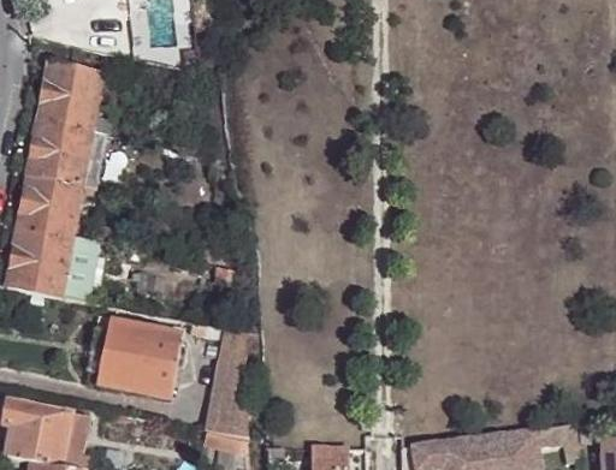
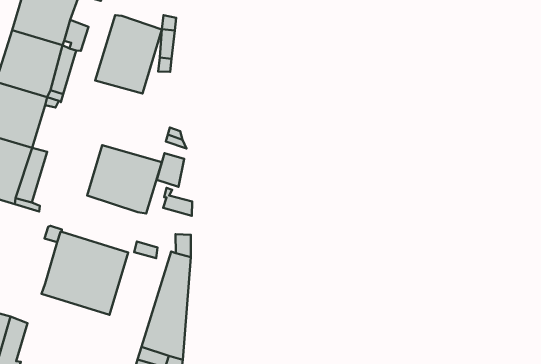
building: none -> [95,15,162,93]
building: none -> [87,145,162,214]

